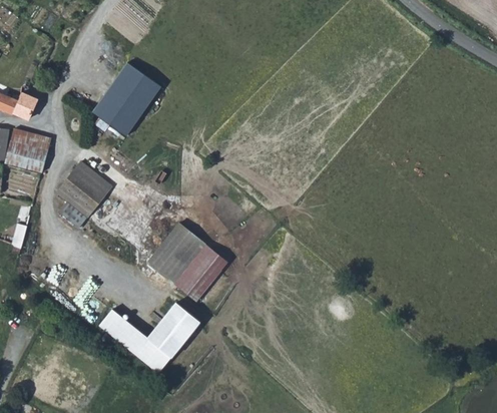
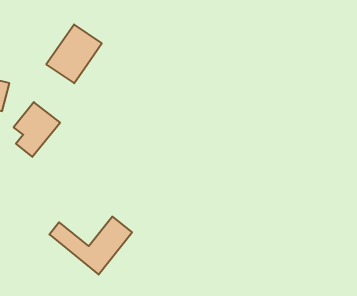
building: [149,223,228,304] -> none

